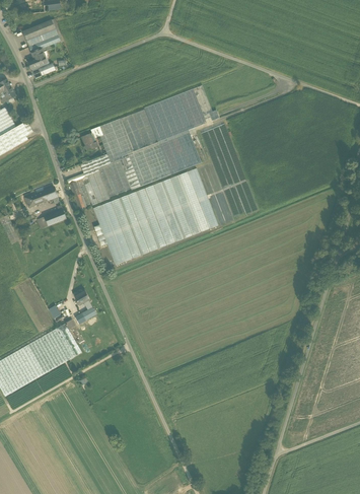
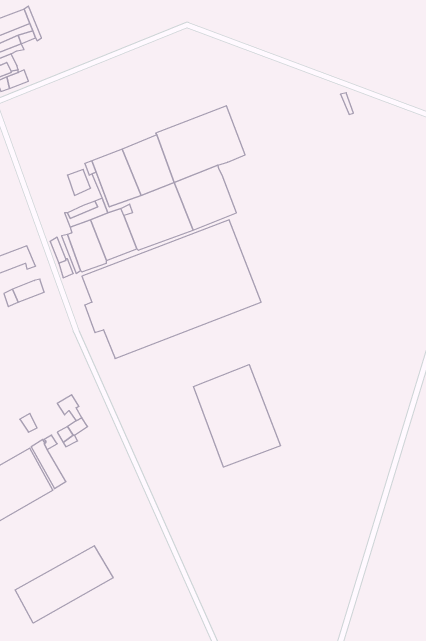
building: none -> [193,365,281,467]
building: none -> [15,546,113,623]

